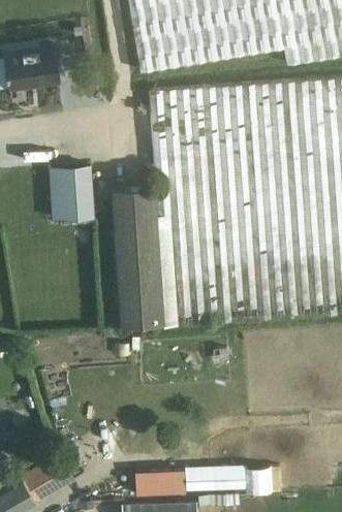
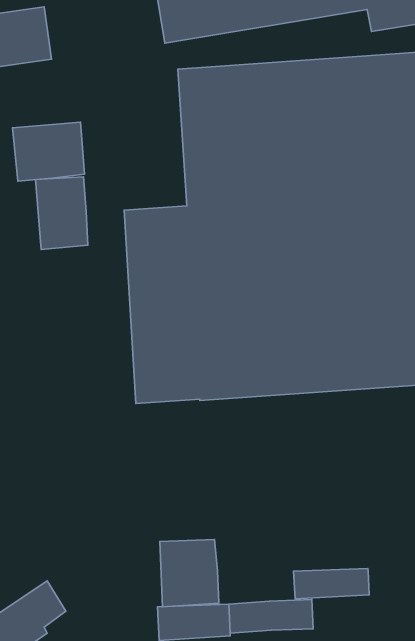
building: none -> [12,122,84,181]
building: none -> [160,540,219,607]
building: none -> [294,568,369,599]

